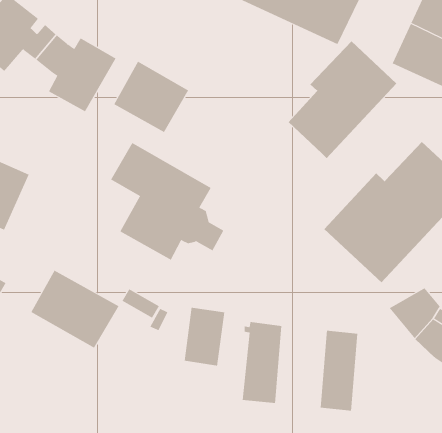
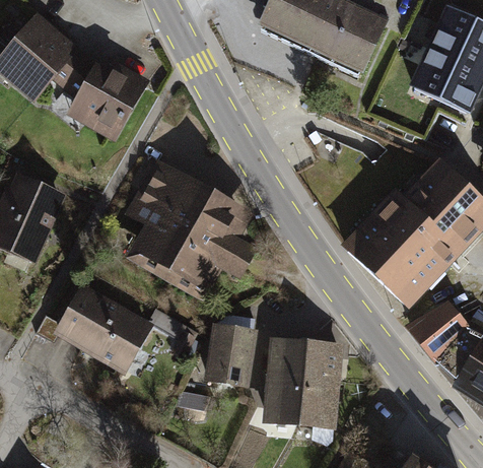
building: [288,40,397,159] -> none
building: [114,61,189,133] -> none
building: [320,330,358,411] -> [299,344,337,423]

